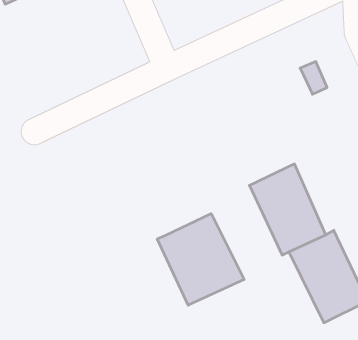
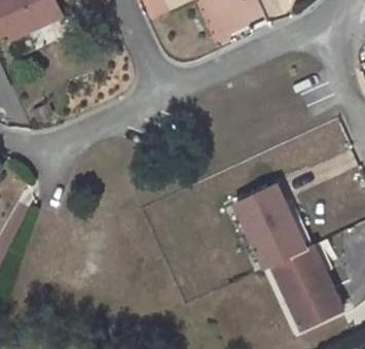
building: [157,214,244,305] -> none

